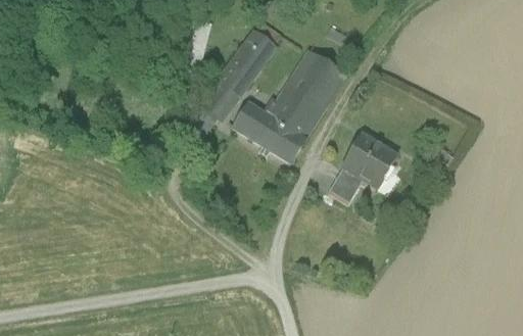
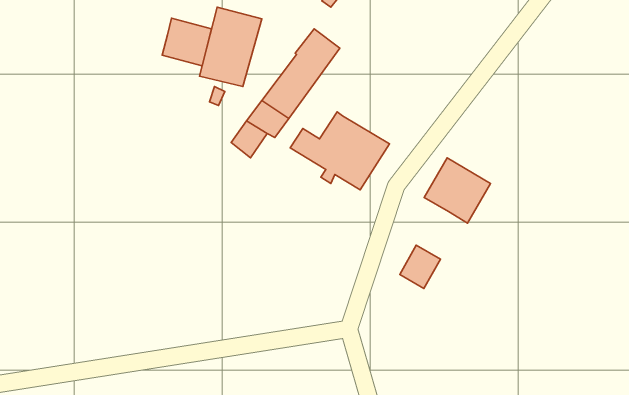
building: none -> [162,18,212,66]
building: [278,50,346,123] -> none
building: [330,165,363,200] -> [400,245,441,289]

